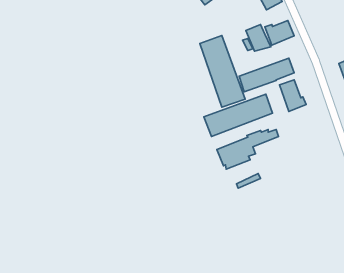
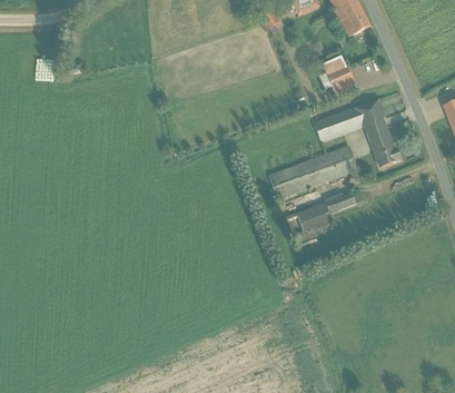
building: [265,21,294,45] -> none
building: [200,35,245,107] -> none

